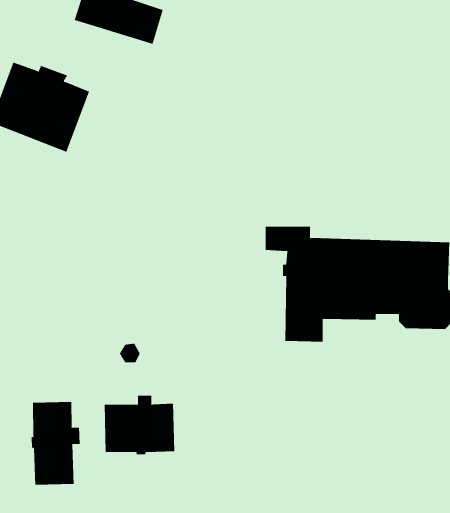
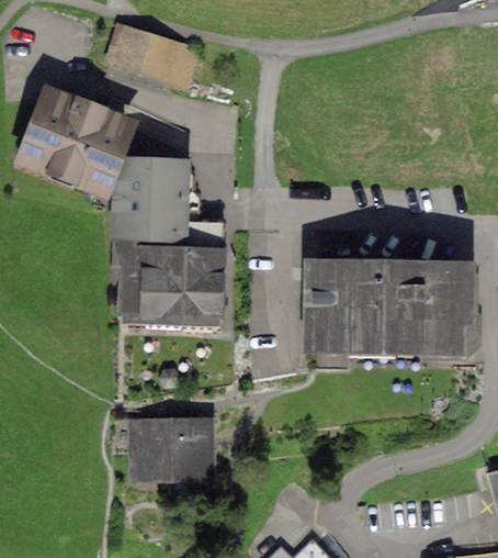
building: none -> [118,164,216,324]
building: [31,401,80,485] -> none

